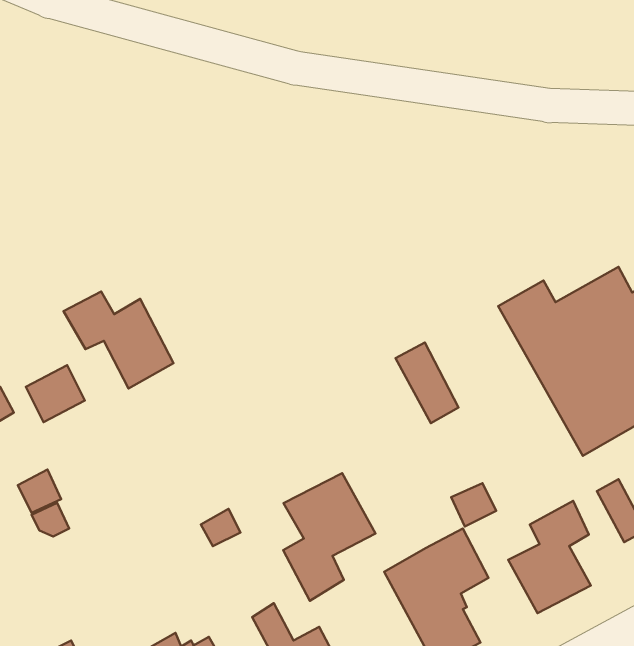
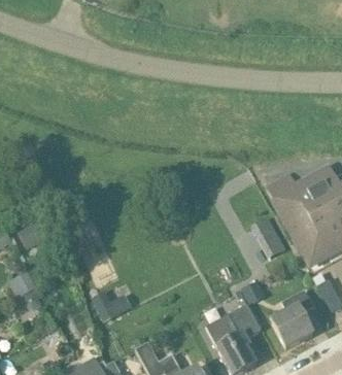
building: [64,291,174,388] -> none
building: [395,343,458,423] -> [254,213,287,255]
building: [283,473,375,601] -> none

